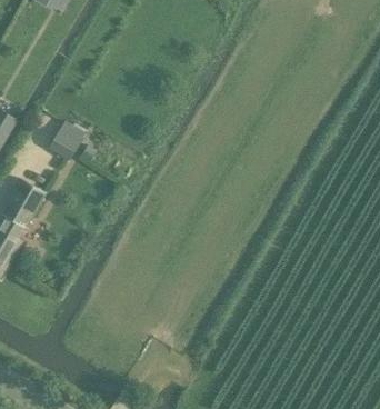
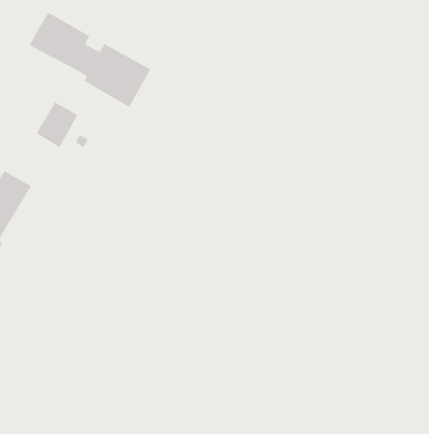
building: none -> [29,12,151,108]

